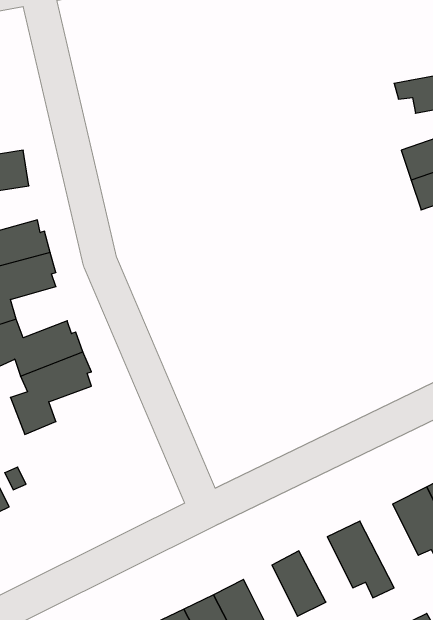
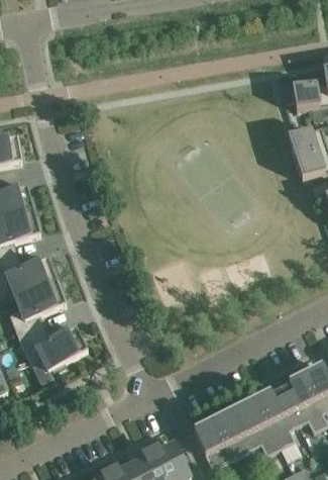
building: none -> [18,326,88,370]
building: none -> [256,387,298,447]
building: none -> [213,410,251,457]

